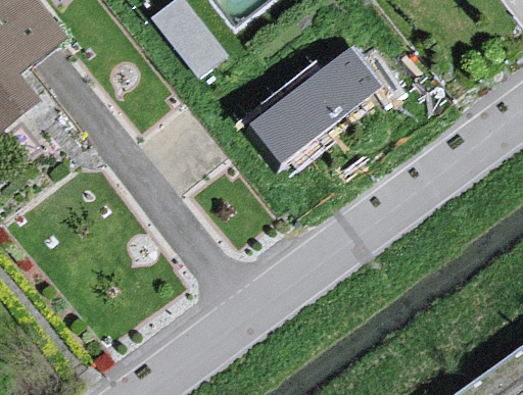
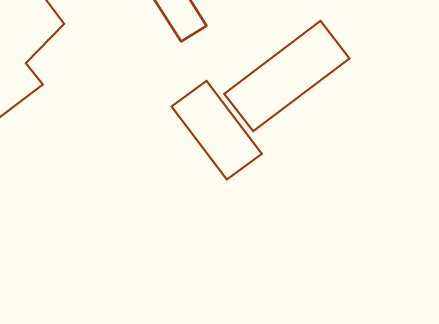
building: none -> [172,81,262,180]

